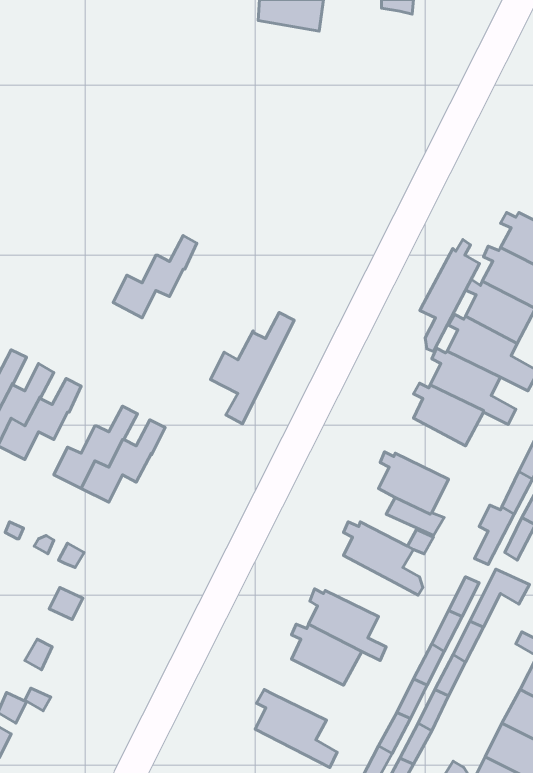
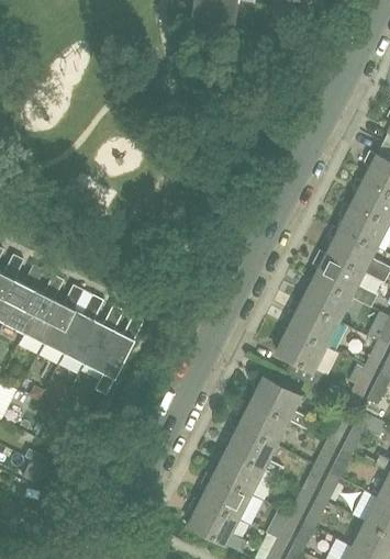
building: [113,236,197,318] -> [21,283,81,343]
building: [420,239,479,352] -> none
building: [210,313,294,424] -> [81,314,142,394]
building: none -> [288,301,338,346]
building: none -> [237,401,288,445]
building: none -> [200,472,250,519]

